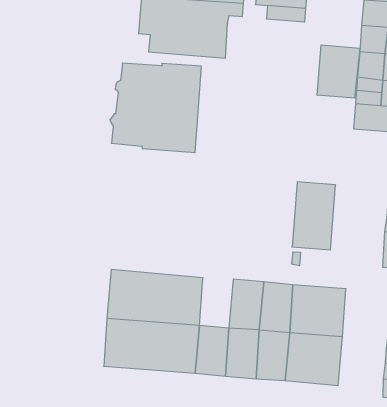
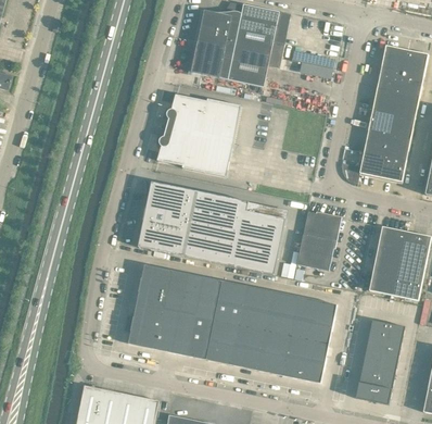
building: [317,45,360,98] -> none
building: none -> [138,180,277,272]
building: none -> [212,279,244,324]

